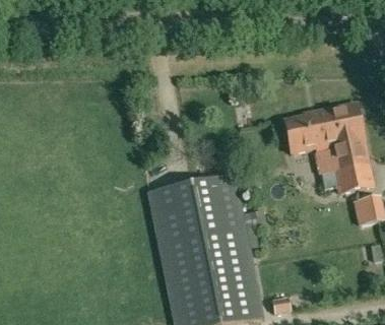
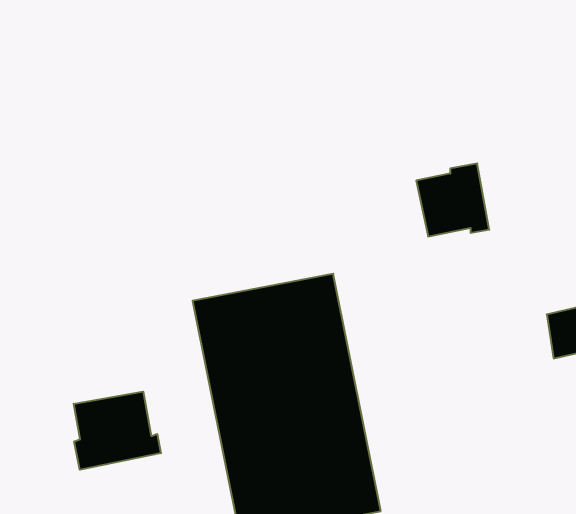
building: [320,102,373,193] -> none
building: none -> [74,392,161,470]

